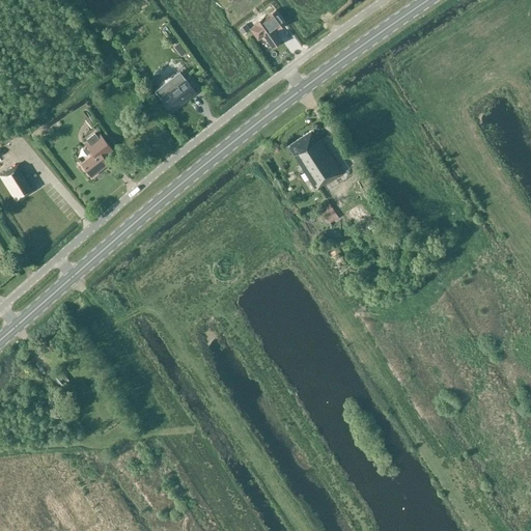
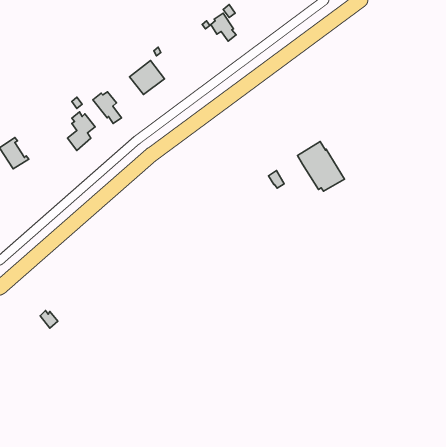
building: none -> [93,92,122,123]
building: [286,129,342,188] -> [297,141,345,191]

